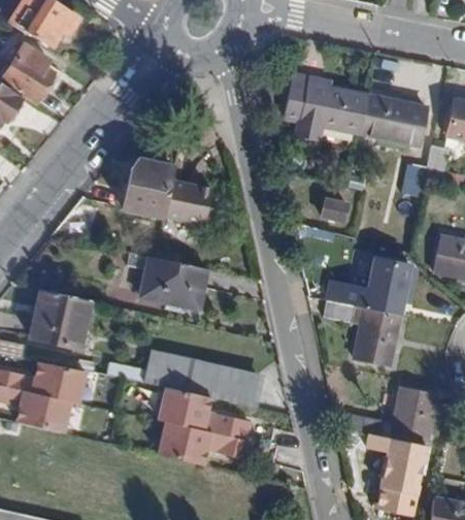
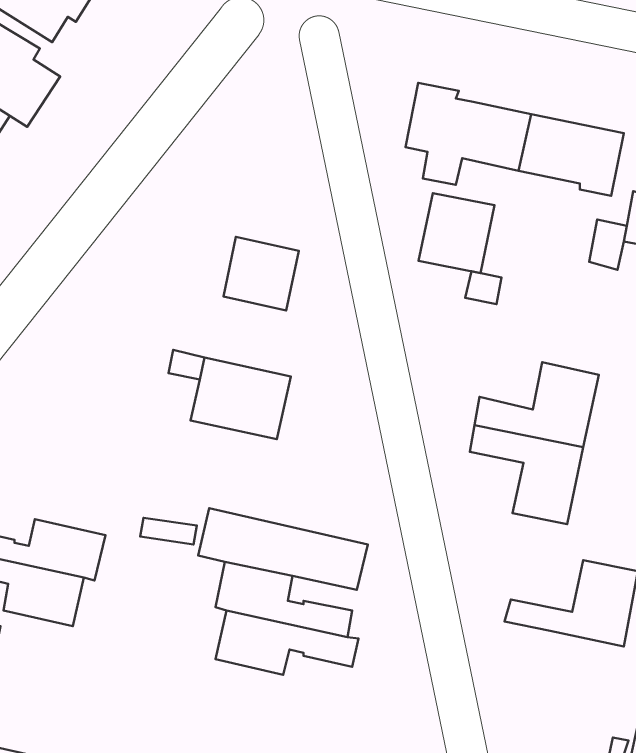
building: none -> [419,193,494,273]
building: [121,160,173,217] -> none
building: [26,290,86,350] -> none
building: [374,435,426,511] -> none

